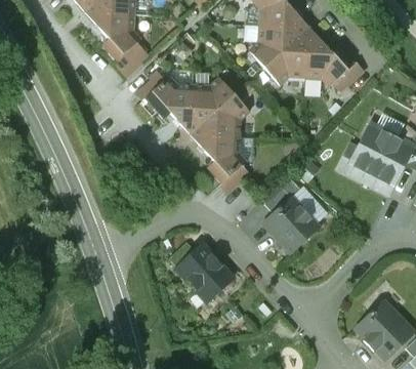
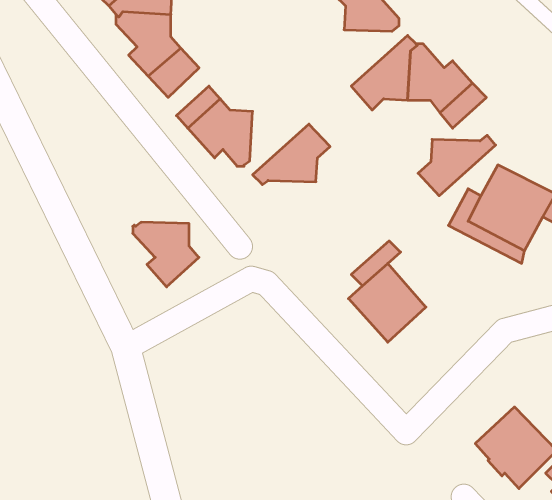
building: [250,23,306,67] -> [418,135,496,196]
building: [188,77,235,131] -> none
building: [199,135,247,182] -> [133,222,199,287]
building: [175,247,228,300] -> none

